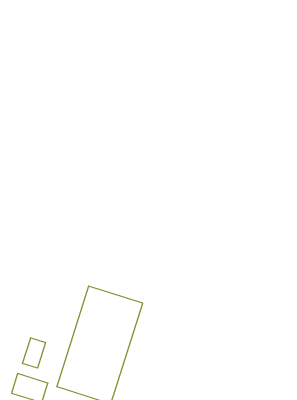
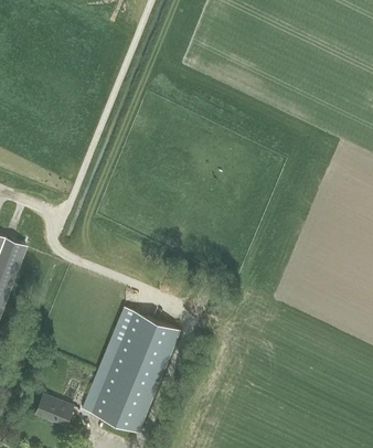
building: [23,338,45,368] -> none

